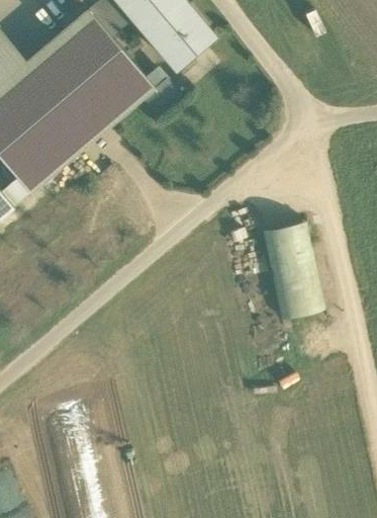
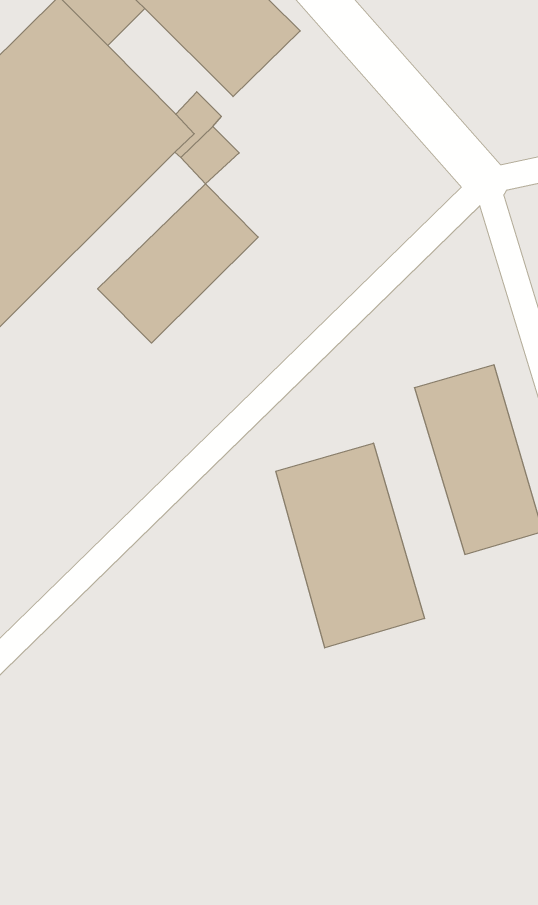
building: none -> [98,184,258,343]
building: none -> [276,443,425,648]

